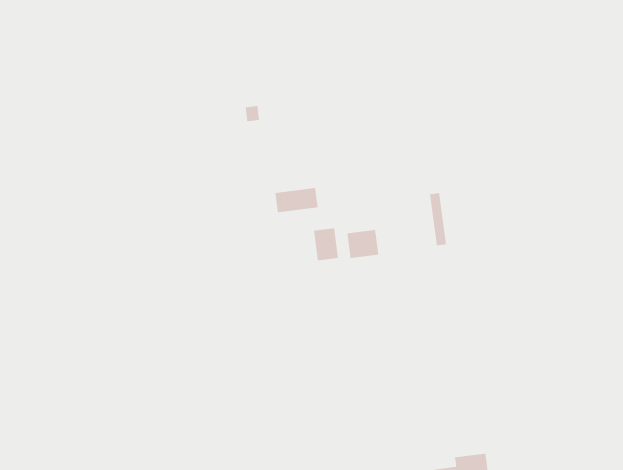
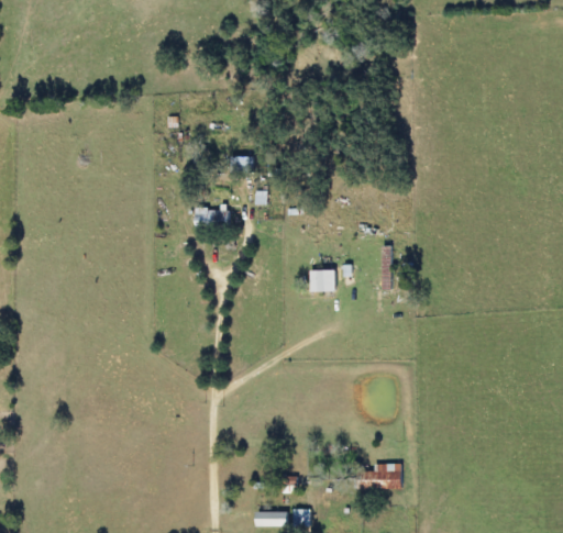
building: [274,187,318,213] -> [194,208,228,224]
building: [314,228,338,261] -> none

